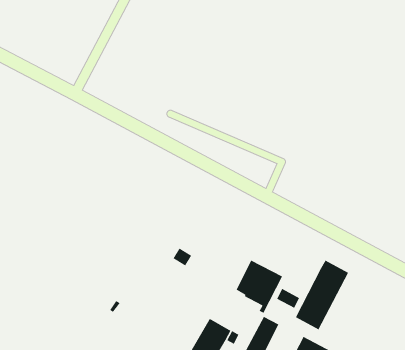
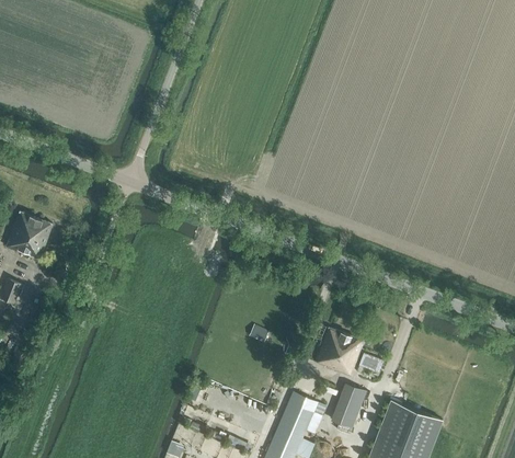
building: [295,259,349,330] -> none

